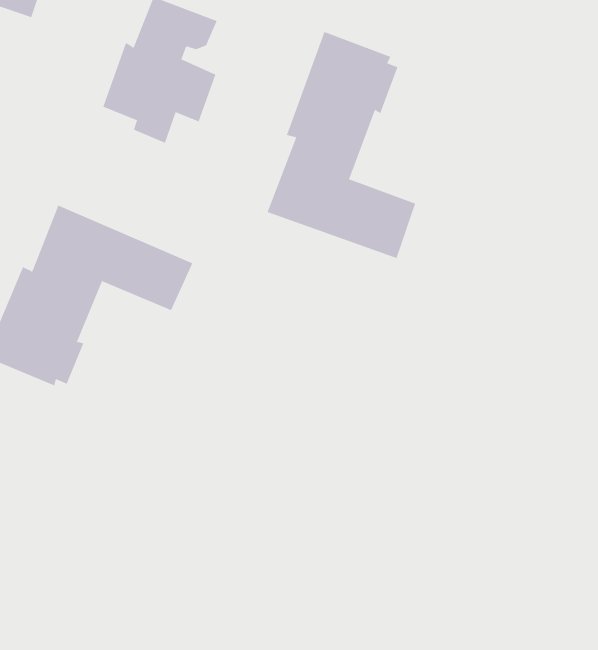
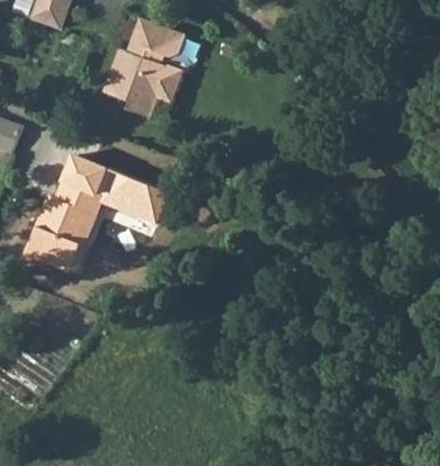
building: [267,31,416,259] -> none

